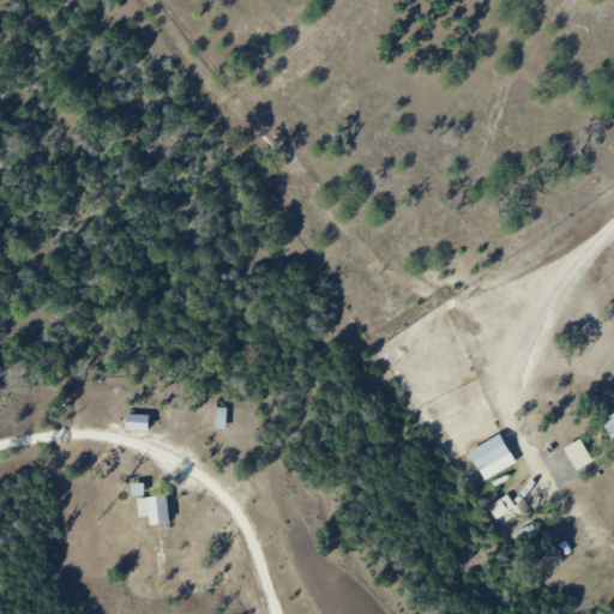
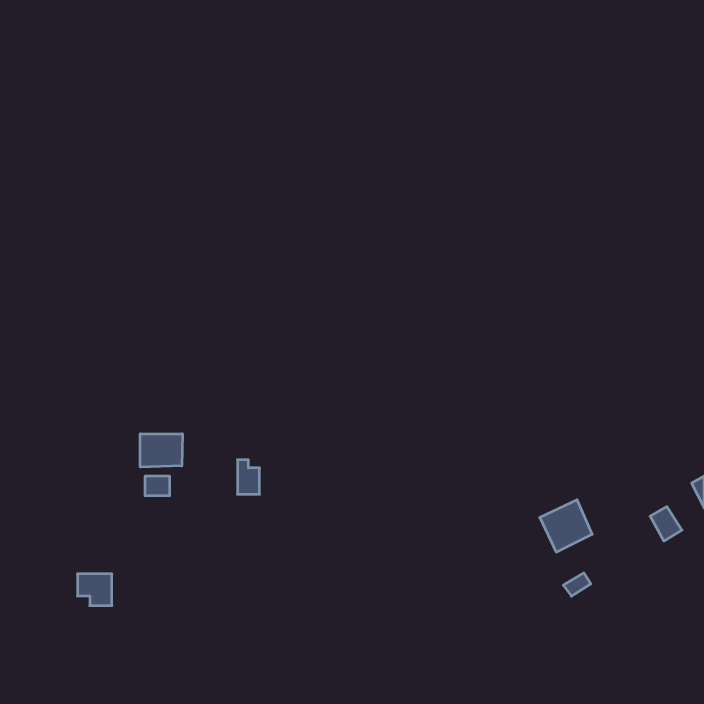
building: none -> [140,434,182,467]
building: [138,496,168,524] -> [77,574,112,606]

